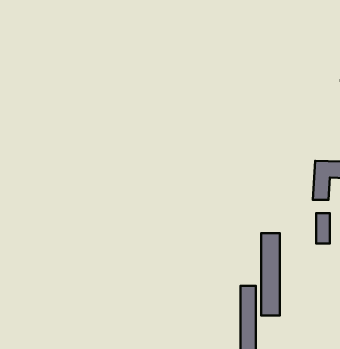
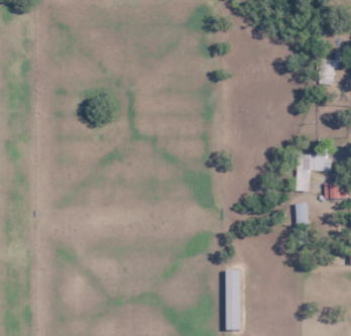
building: [261,233,280,316] -> none

